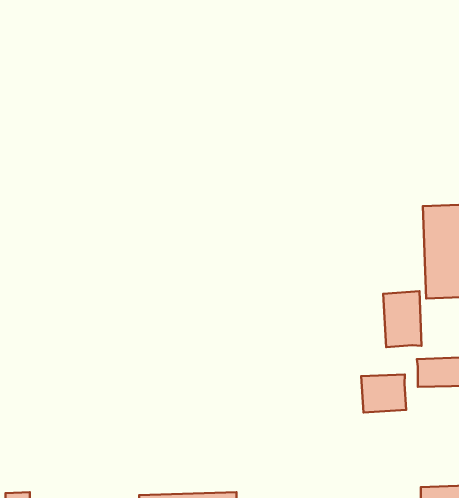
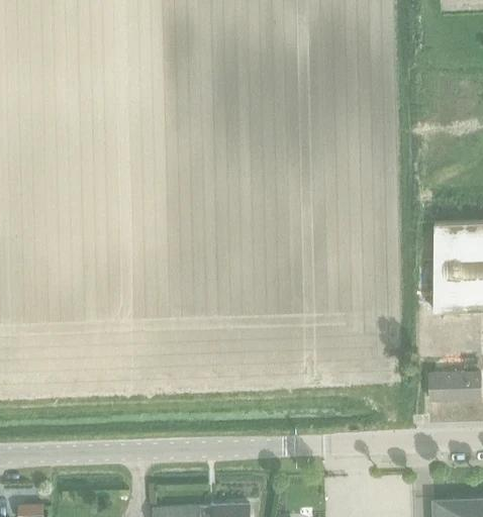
building: [383,291,422,347] -> none
building: [361,375,406,413] -> none

